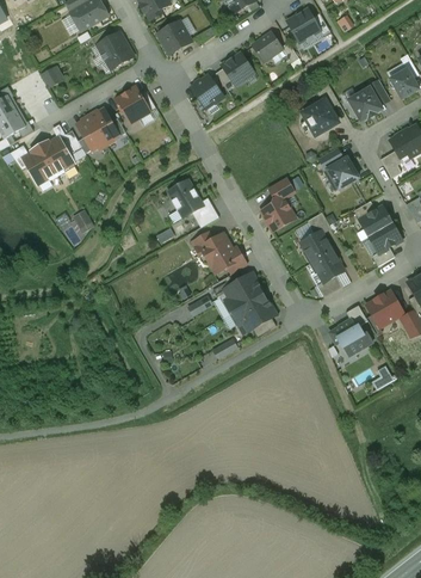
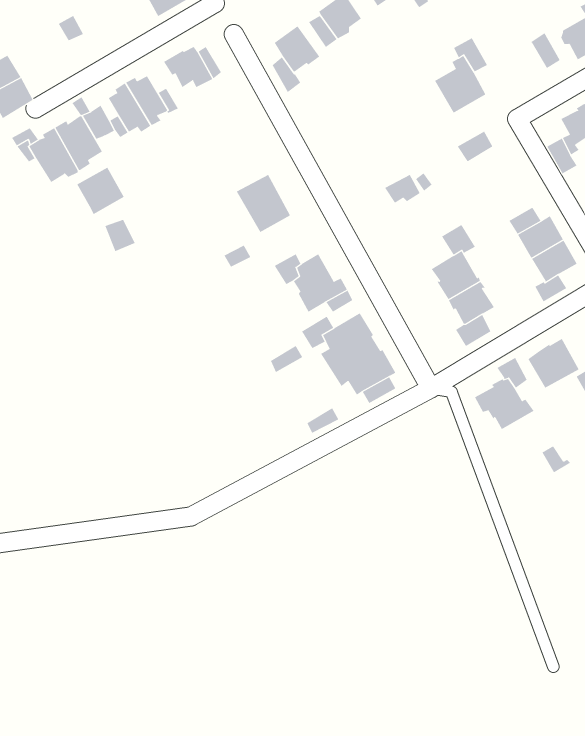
building: [348,87,382,121] -> none
building: [323,156,358,190] -> none
building: none -> [76,167,124,215]
building: [260,195,295,230] -> none

